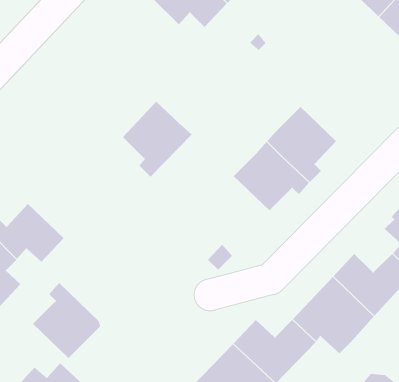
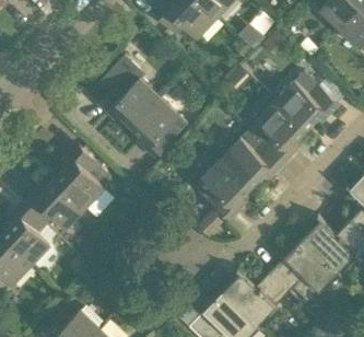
building: none -> [97,57,158,126]
building: none -> [275,71,338,129]
building: none -> [192,158,250,220]
building: [32,282,101,359] -> [55,146,110,208]

